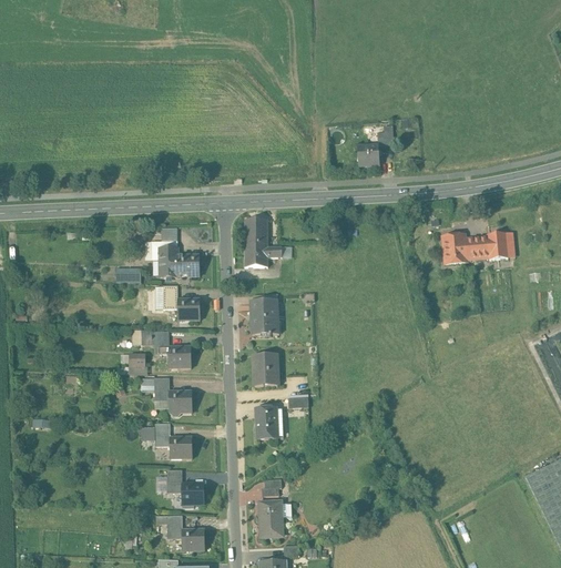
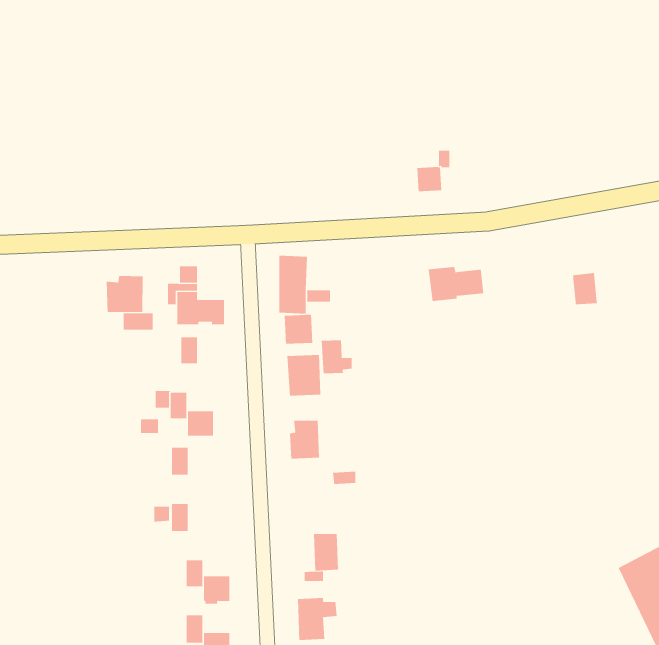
building: [442,234,489,263] -> [428,267,484,301]
building: none -> [106,275,143,313]
building: none -> [284,314,313,345]
building: none -> [321,339,352,374]
building: [177,298,200,320] -> none
building: [170,390,192,415] -> none
building: [256,407,277,438] -> [313,534,339,571]
building: [170,436,192,457] -> none

